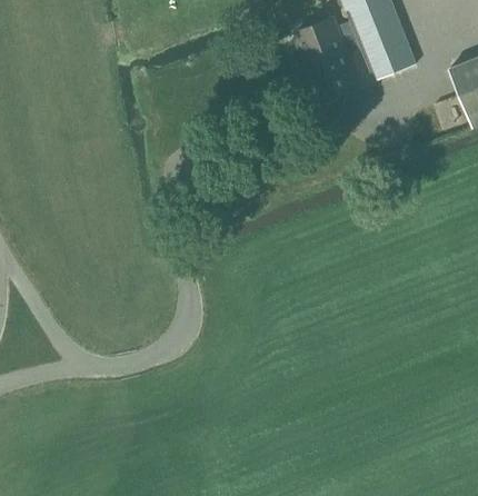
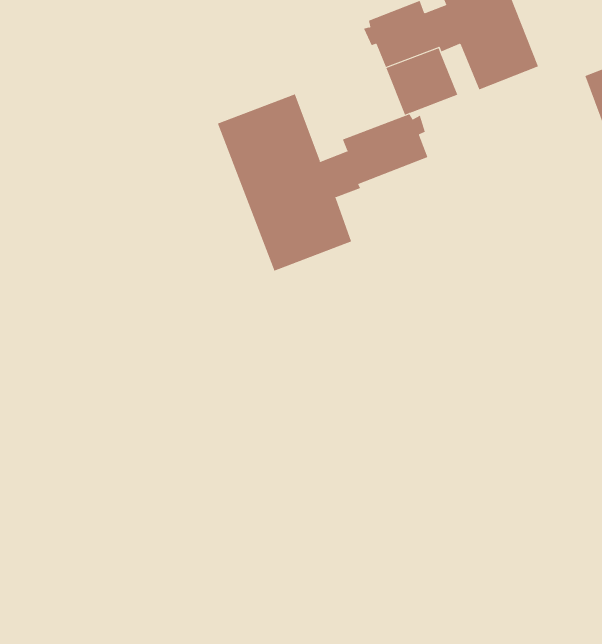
building: none -> [217,93,428,272]

